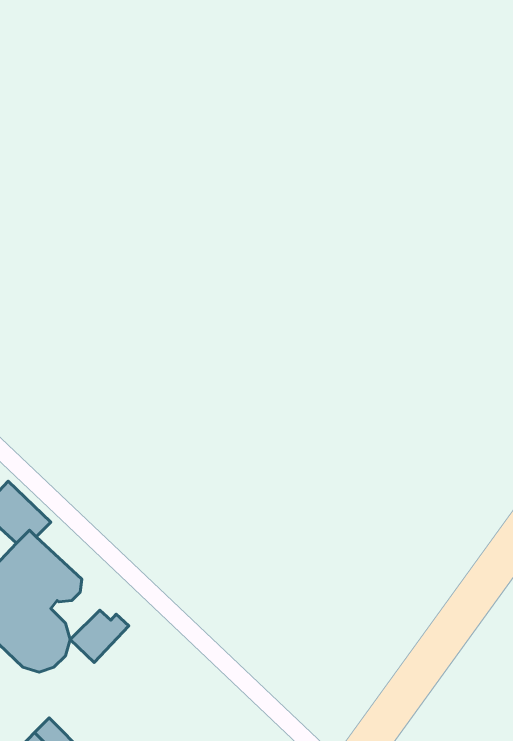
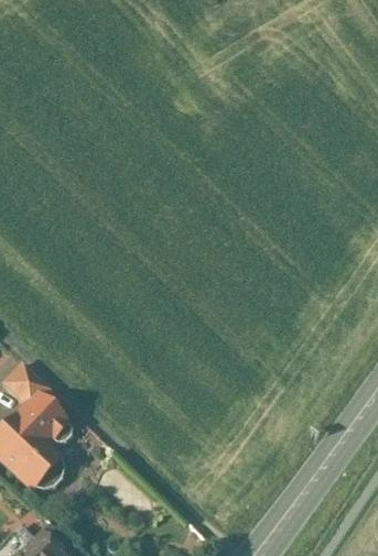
building: [70,610,129,662] -> none

